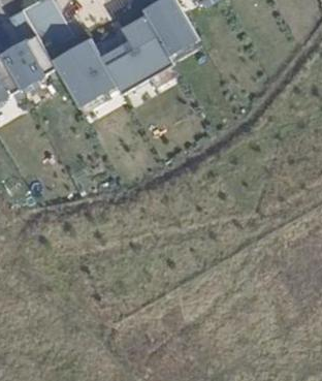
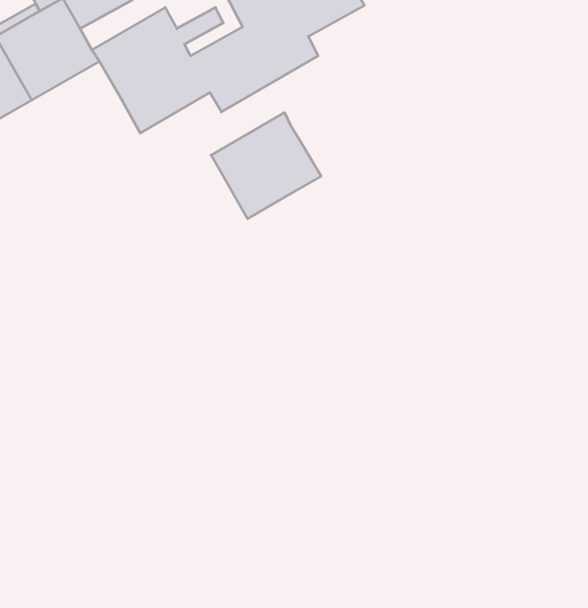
building: none -> [211,113,321,219]

